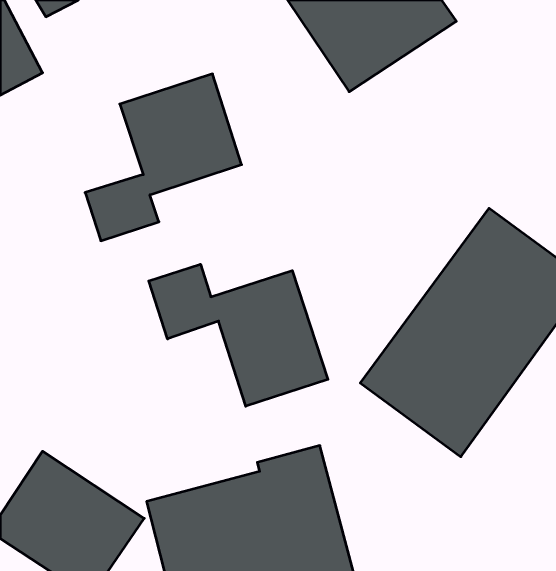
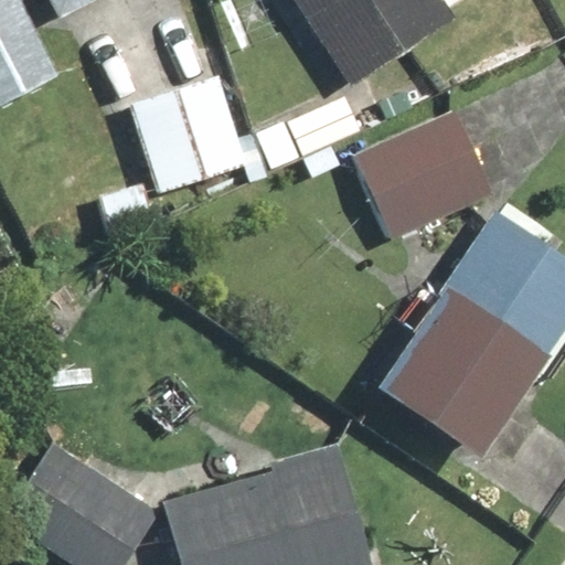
building: none -> [356,109,499,241]
building: [149,264,328,406] -> none

